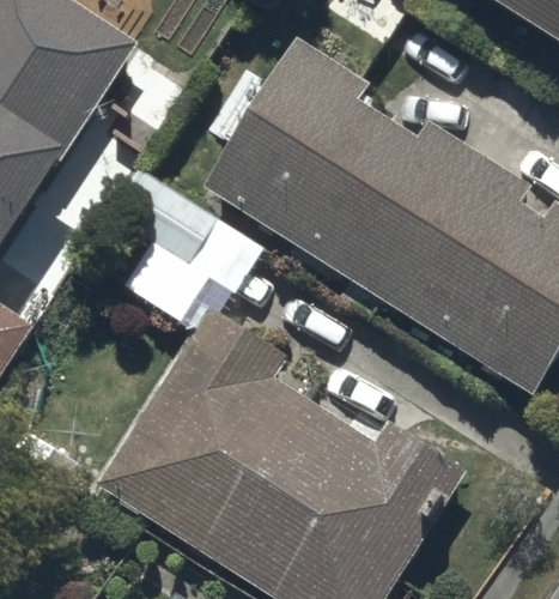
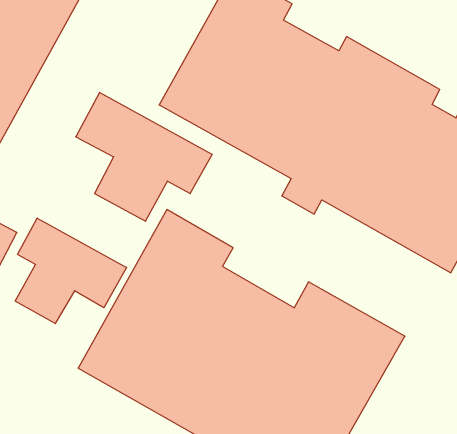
building: none -> [15,218,127,324]

